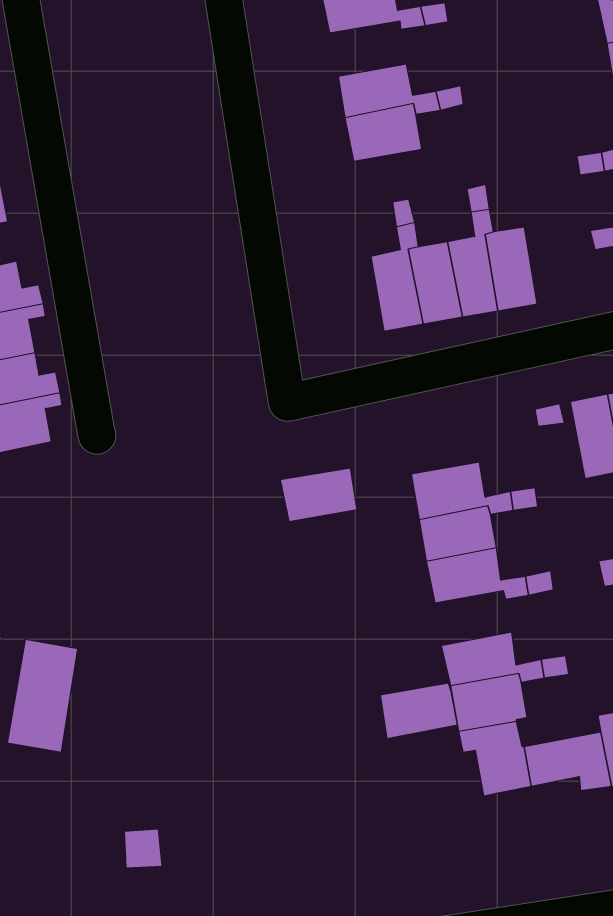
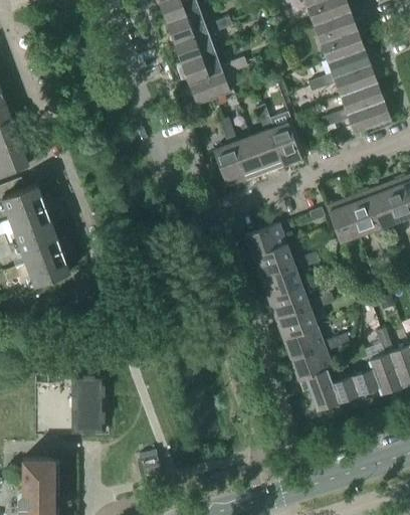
building: none -> [174,30,215,63]
building: [280,468,357,522] -> [245,224,286,256]
building: [380,683,457,739] -> [276,307,318,340]

